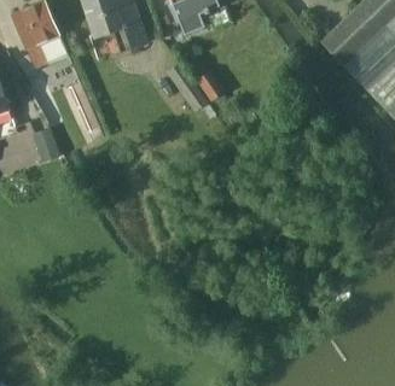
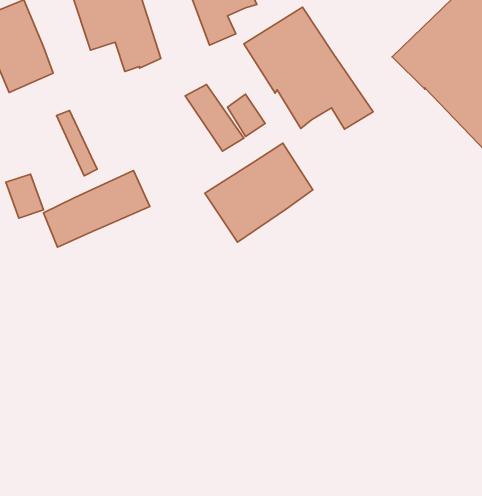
building: none -> [244,7,373,129]
building: none -> [205,143,313,242]
building: none -> [43,171,150,247]

